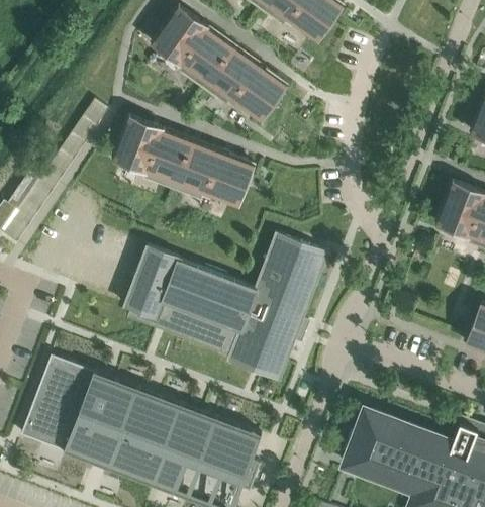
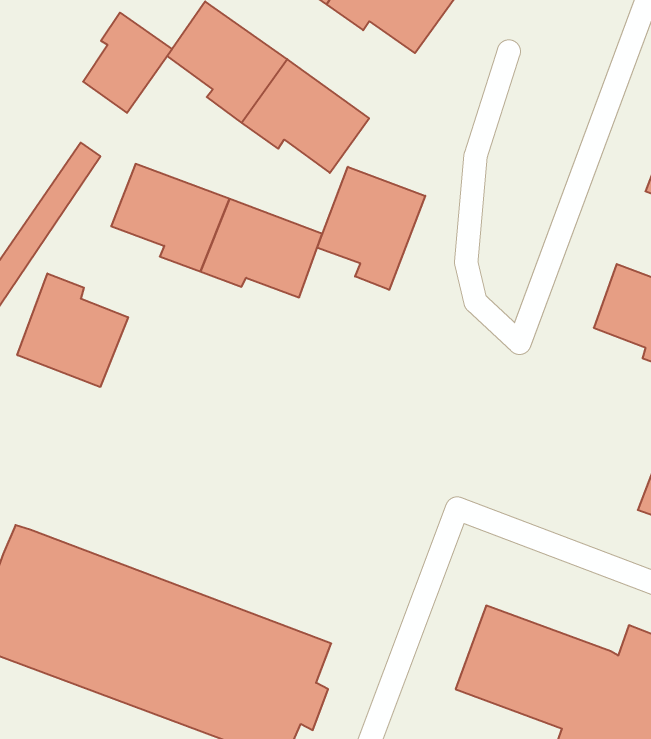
building: none -> [83,13,172,113]
building: none -> [317,167,425,290]
building: none -> [17,273,128,387]
building: [125,235,328,381] -> none

